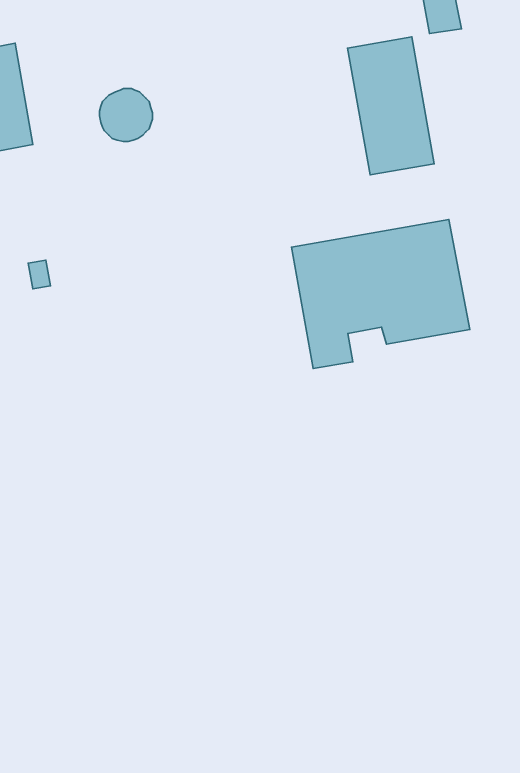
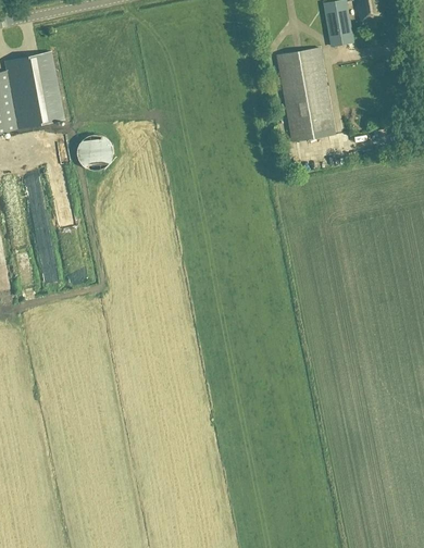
building: [99,89,152,142] -> [77,135,113,171]
building: [292,219,470,368] -> none

